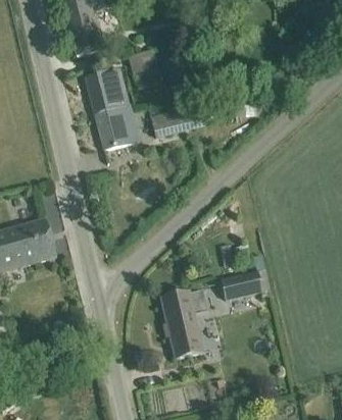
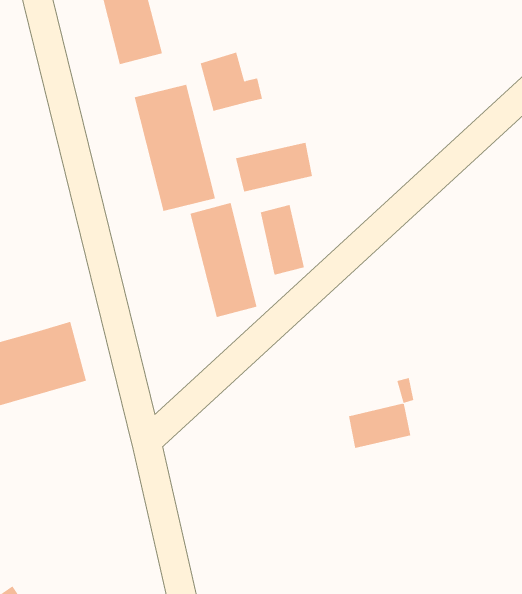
building: none -> [190,202,257,318]
building: none -> [260,204,304,276]
building: [163,288,214,358] -> none

